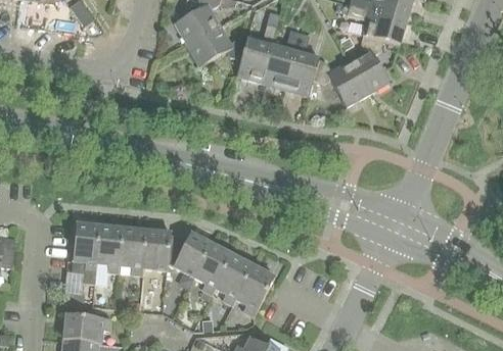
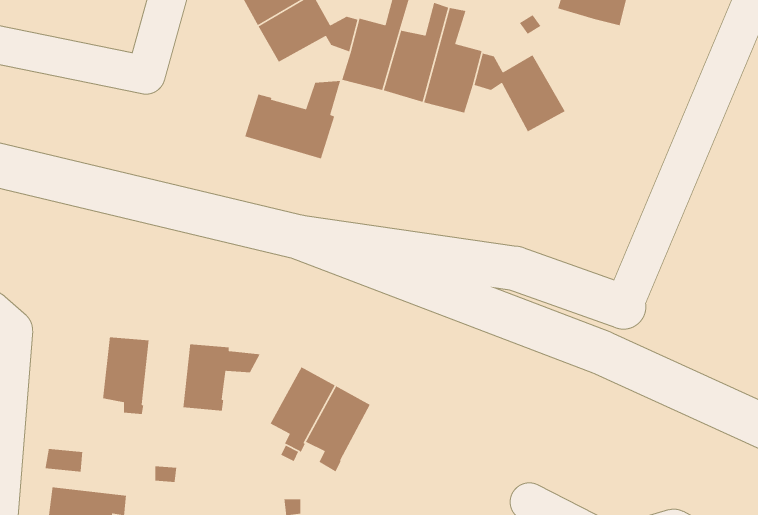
building: [348,35,388,95] -> none
building: none -> [244,80,341,159]
building: [71,223,99,285] -> none
building: [119,229,146,275] -> none
building: [166,233,212,278] -> none
building: [235,266,274,316] -> none

